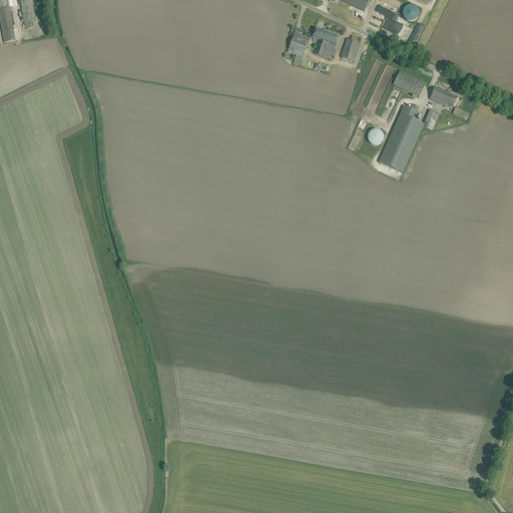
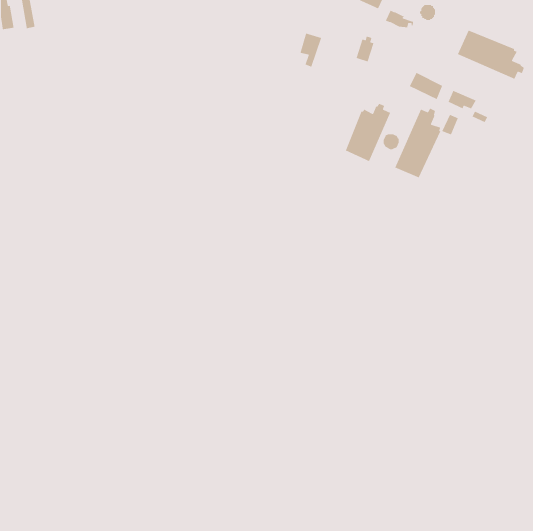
building: [313,26,339,57] -> none
building: none -> [457,30,525,80]
building: none -> [345,103,391,162]

